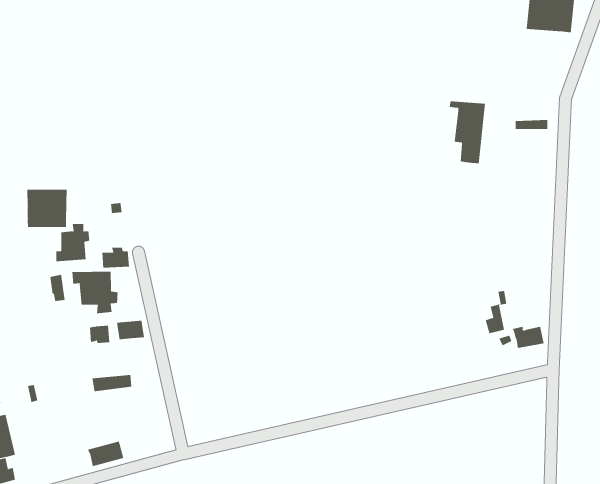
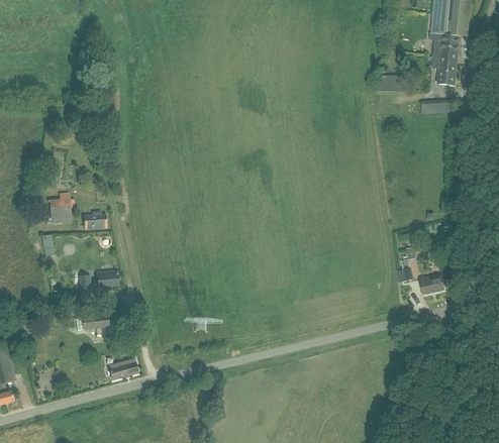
building: [449,101,486,164] -> [429,33,460,85]
building: [27,189,67,228] -> none
building: [72,271,118,314] -> none
building: [87,441,124,467] -> [108,358,138,379]

